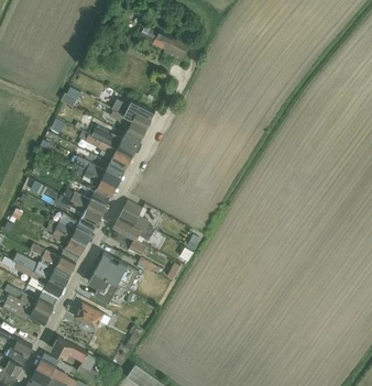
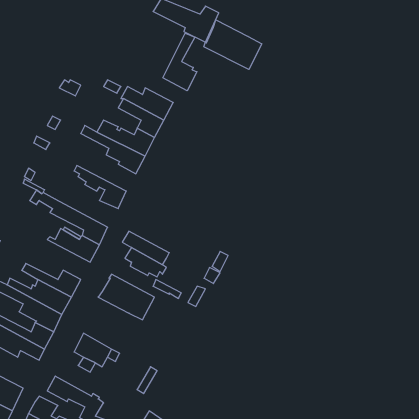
building: none -> [204,20,262,69]
building: none -> [163,33,197,91]
building: [76,157,124,185] -> none
building: [58,190,110,214] -> none
building: [119,200,155,235] -> none
building: [47,224,87,257] -> none
building: [88,272,119,304] -> none

